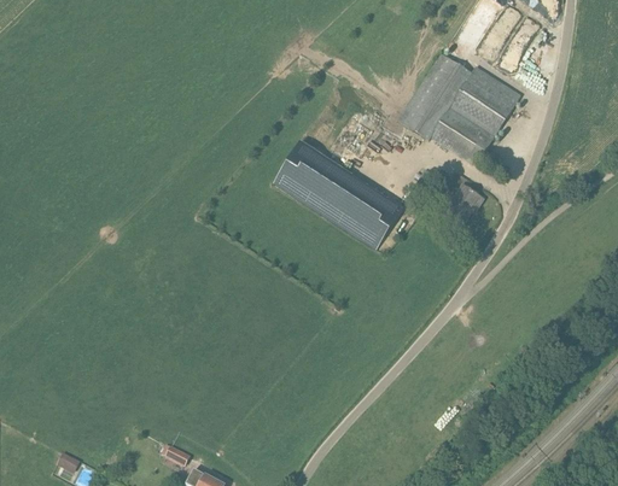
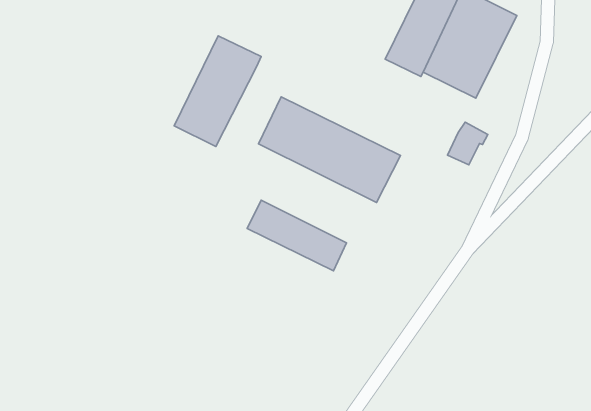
building: none -> [174,36,261,146]
building: none -> [247,200,346,271]

